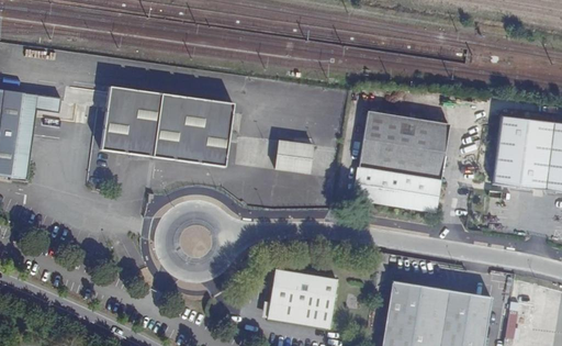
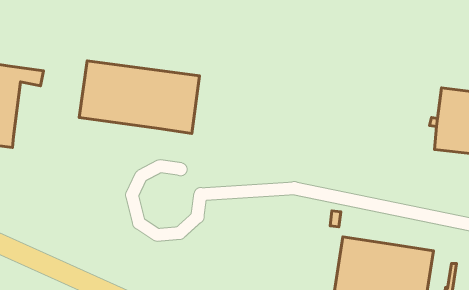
building: [353,110,450,211] -> none
building: [276,139,313,172] -> none
building: [267,270,337,328] -> none

